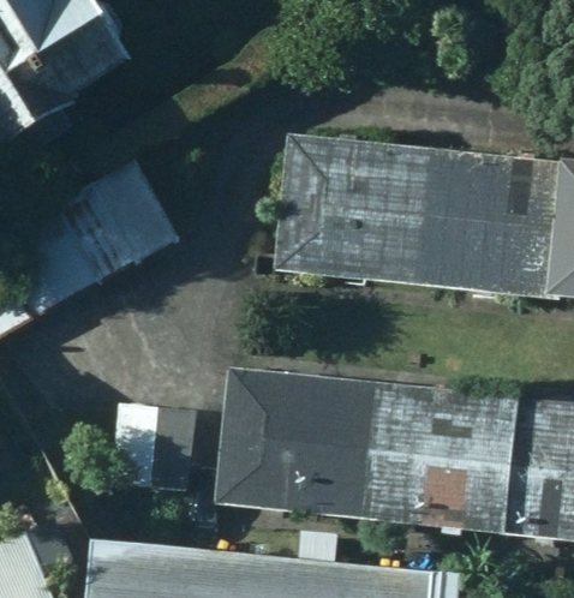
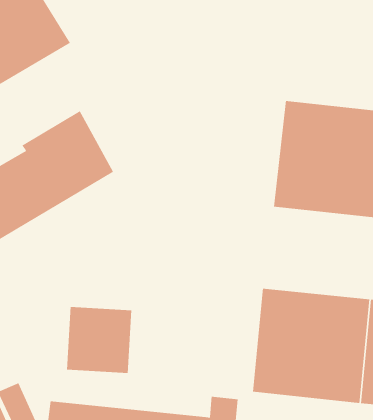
building: [271,128,401,281] -> none
building: [216,372,371,524] -> none

